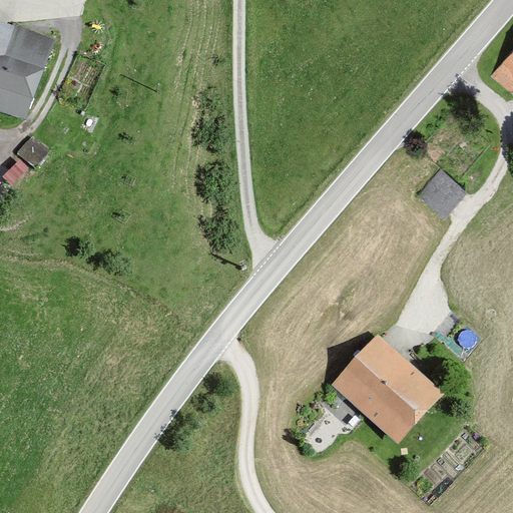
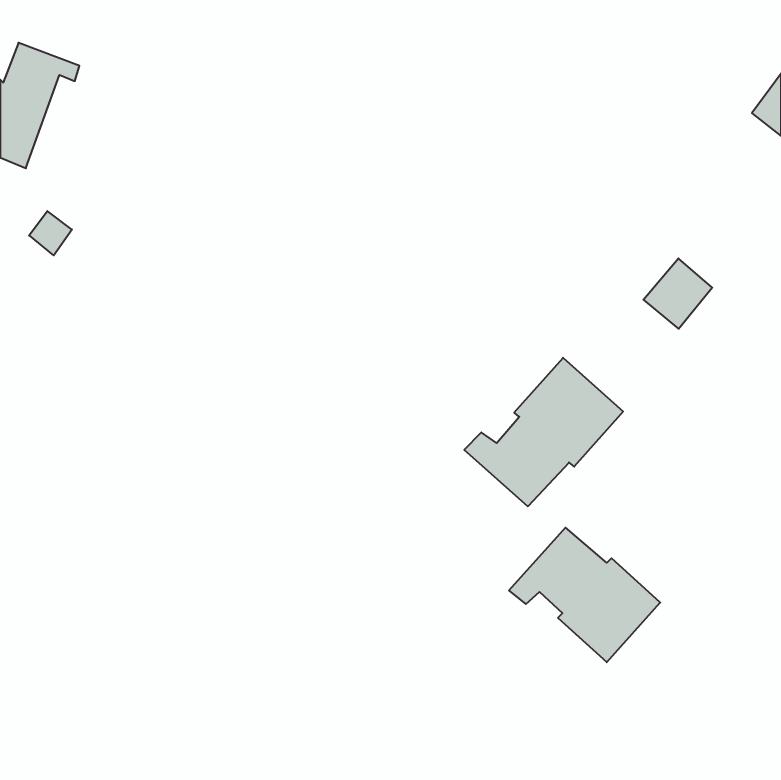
building: none -> [464,358,623,506]

